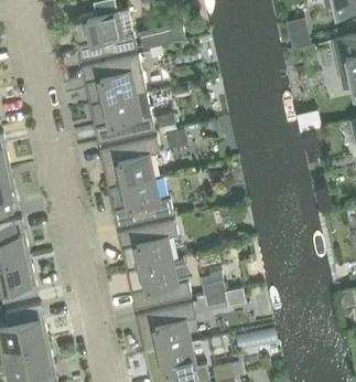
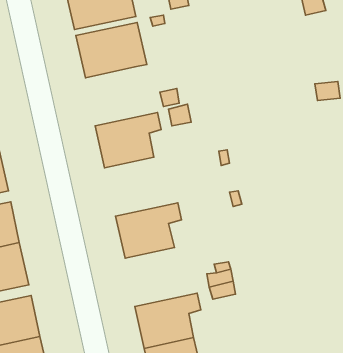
building: [90,93,155,144] -> none
building: [108,178,173,226] -> none
building: [127,261,192,309] -> none

